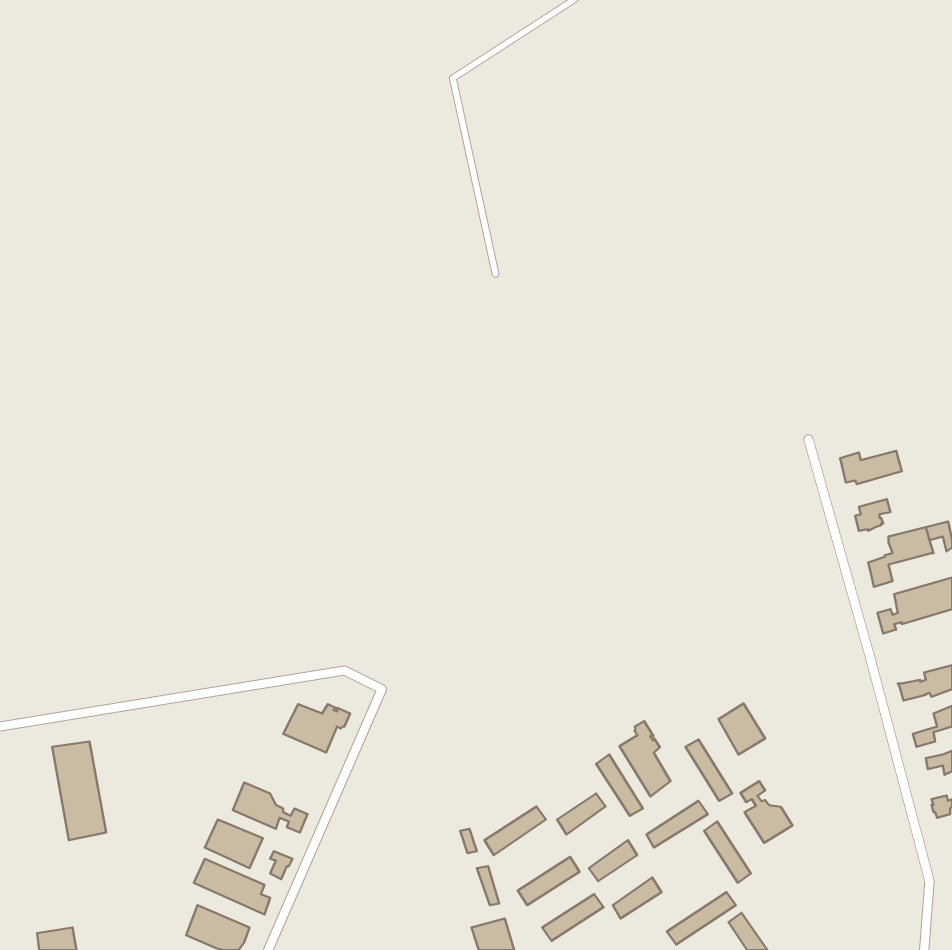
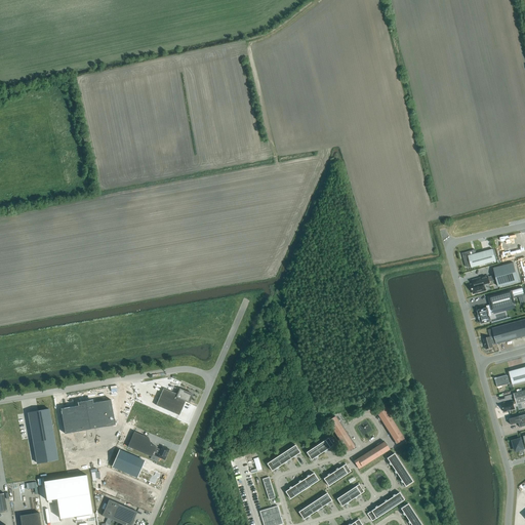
building: none -> [494,261,519,286]
building: [718,703,765,754] -> none
building: [619,721,671,796] -> none
building: none -> [58,399,114,433]
building: [740,781,793,843] -> none
building: none -> [44,474,93,518]

